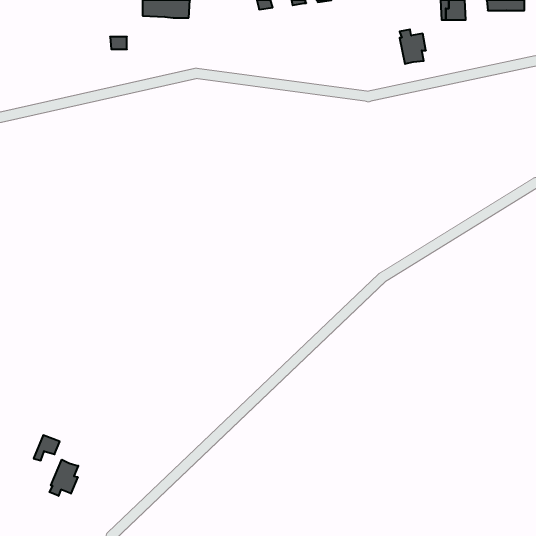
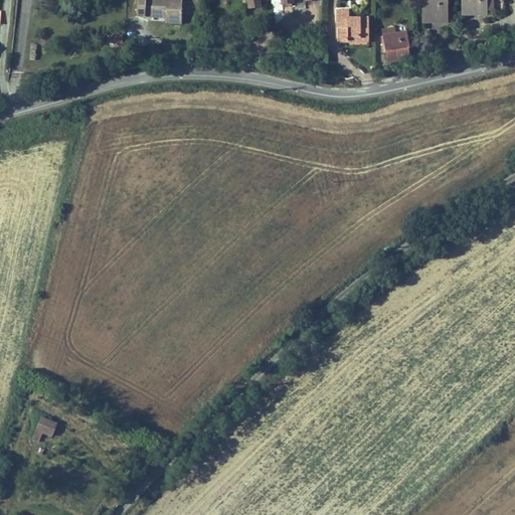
building: none -> [337,10,367,41]
building: [49,460,78,496] -> none

